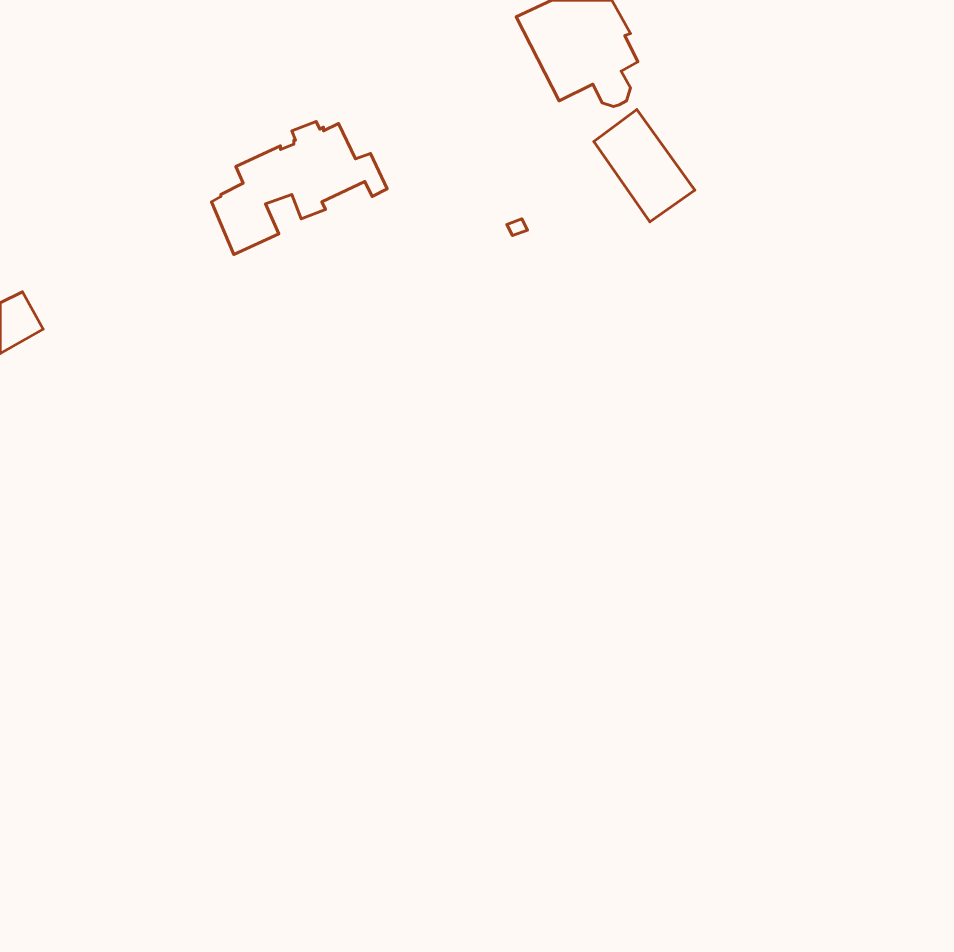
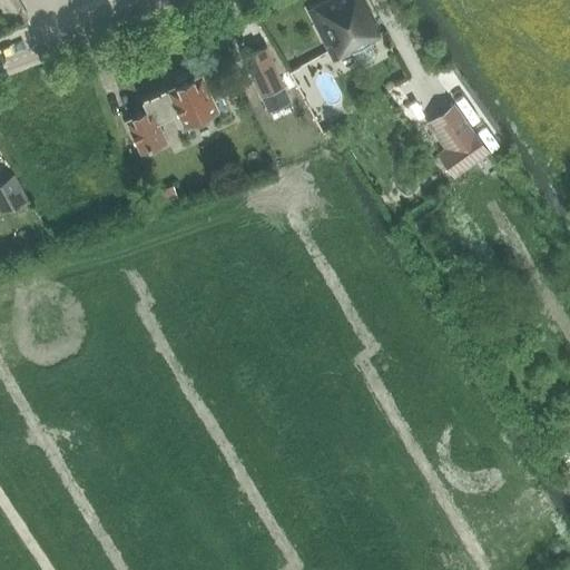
building: none -> [244,48,285,98]
building: [594,110,695,222] -> [429,106,489,173]

